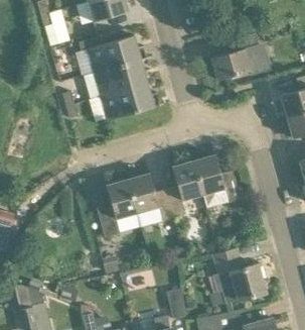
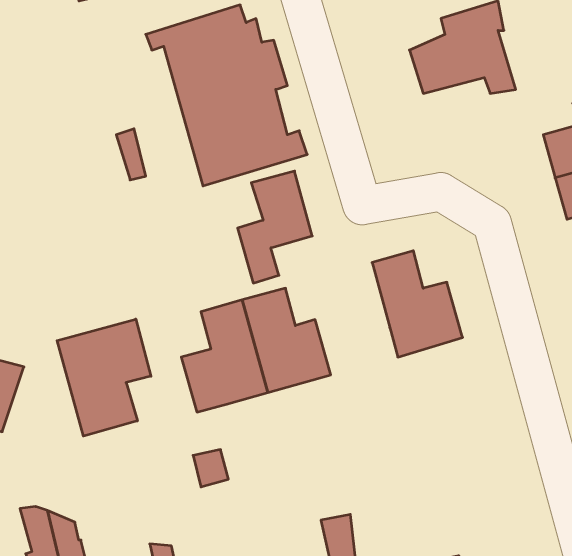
building: [164,160,202,218] -> [238,171,312,283]
building: none -> [57,319,151,436]
building: [211,248,265,304] -> none

